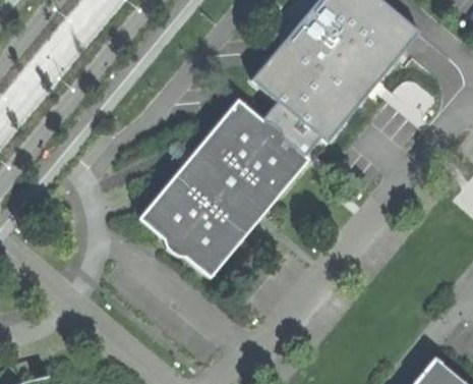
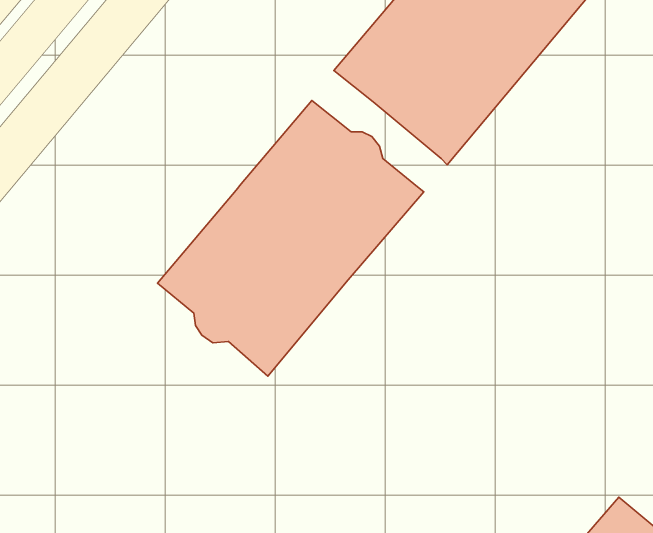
building: [263,102,321,157] -> none

